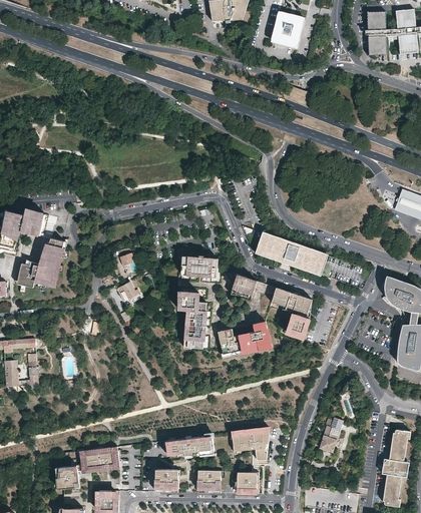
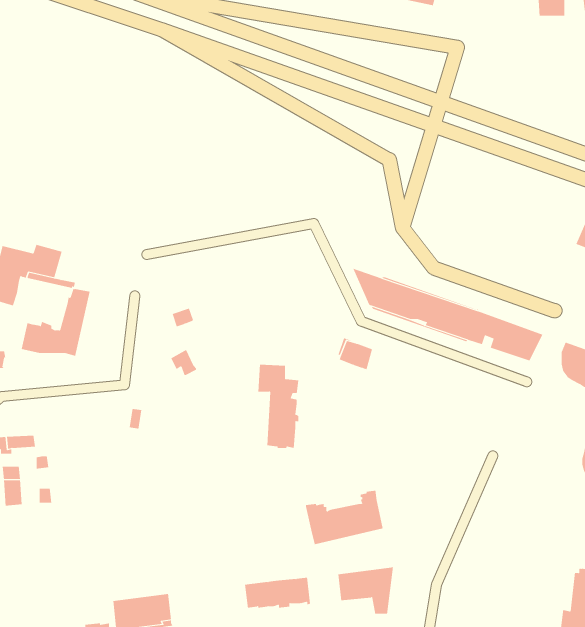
building: [179,254,216,276] -> none
building: [271,288,312,337] -> none
building: [218,320,271,357] -> [305,490,384,545]
building: [318,417,342,453] -> none

